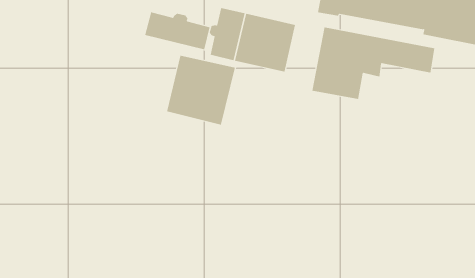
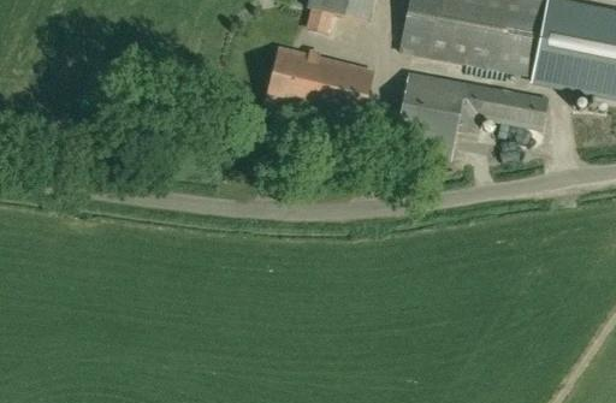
building: [145,11,210,50] -> none
building: [166,55,236,125] -> none

